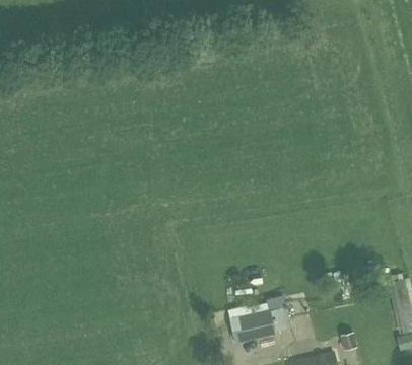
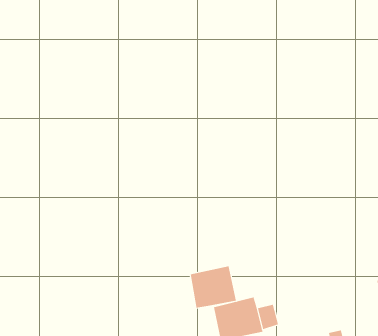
building: none -> [190,265,237,308]

